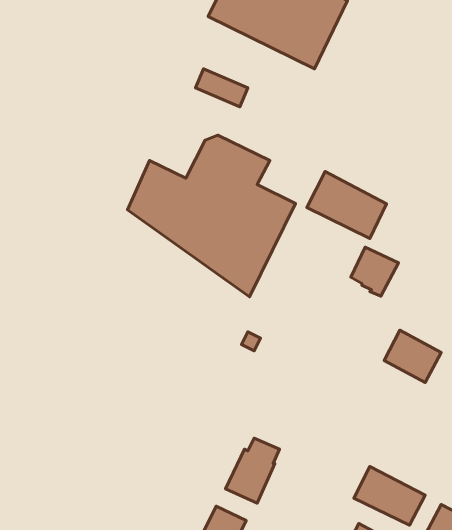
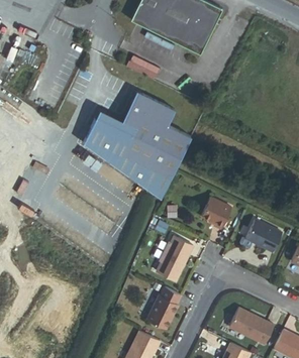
building: [307,172,387,239] -> none
building: [351,247,398,296] -> [202,198,232,229]
building: none -> [157,236,193,280]

